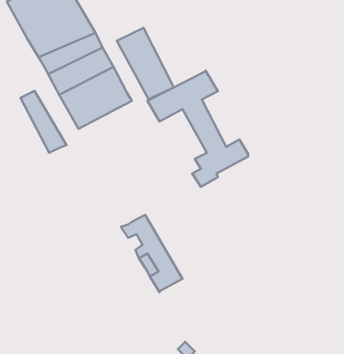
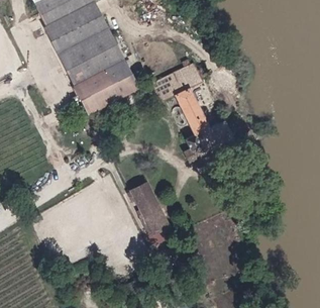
building: [117,28,174,99] -> none
building: [20,91,67,153] -> none

